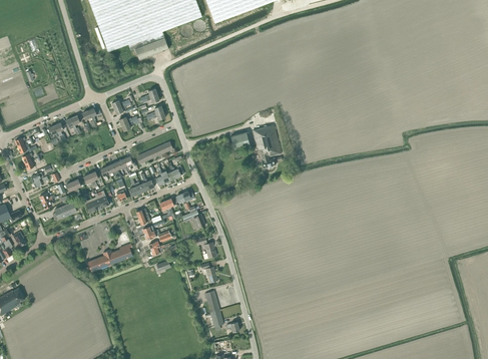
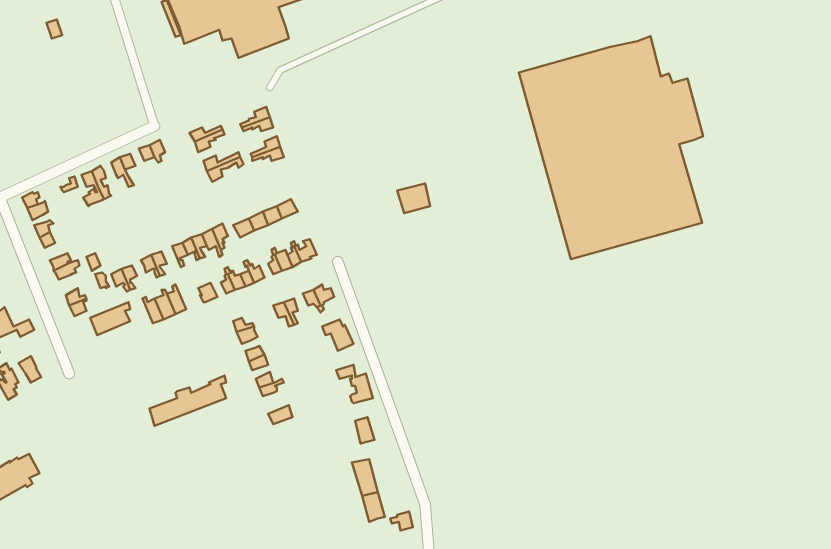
building: none -> [519,36,703,259]
building: [252,124,281,167] -> none

